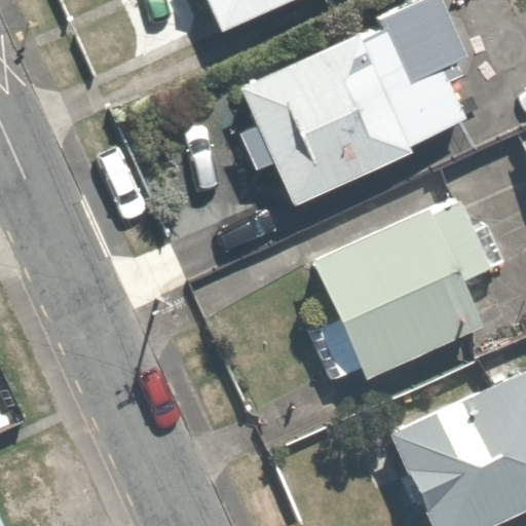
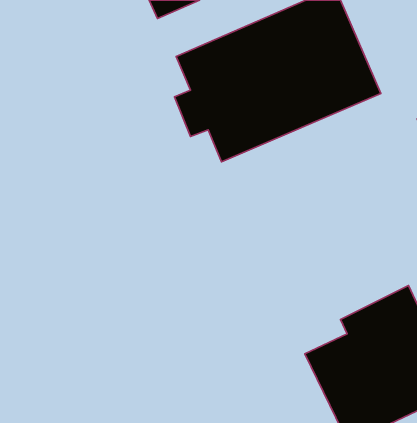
building: [310,197,491,381] -> none

